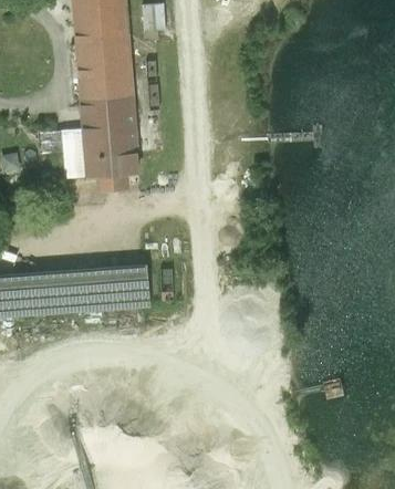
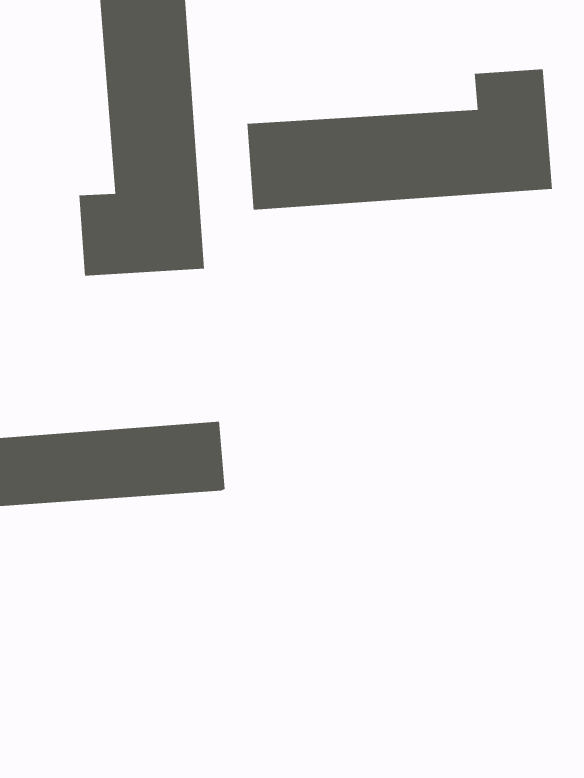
building: none -> [247,68,552,210]

